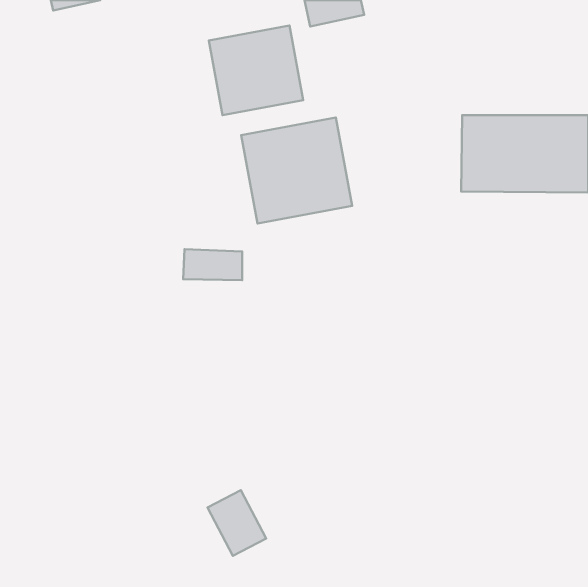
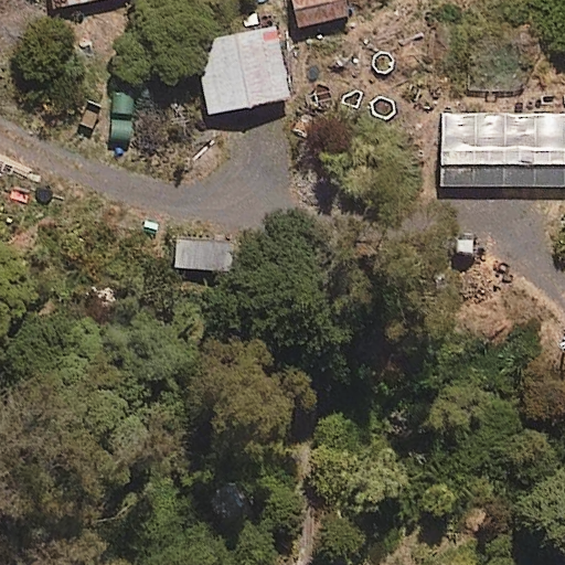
building: [241,118,352,224] -> none

